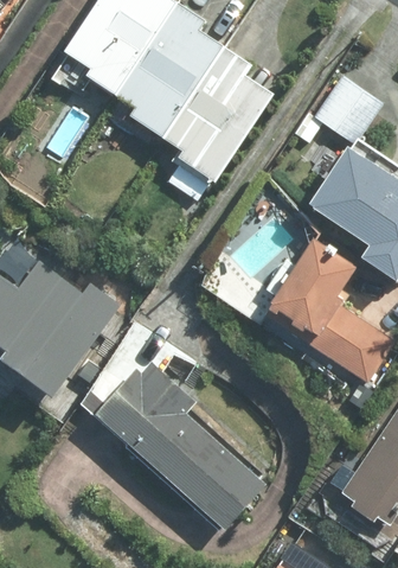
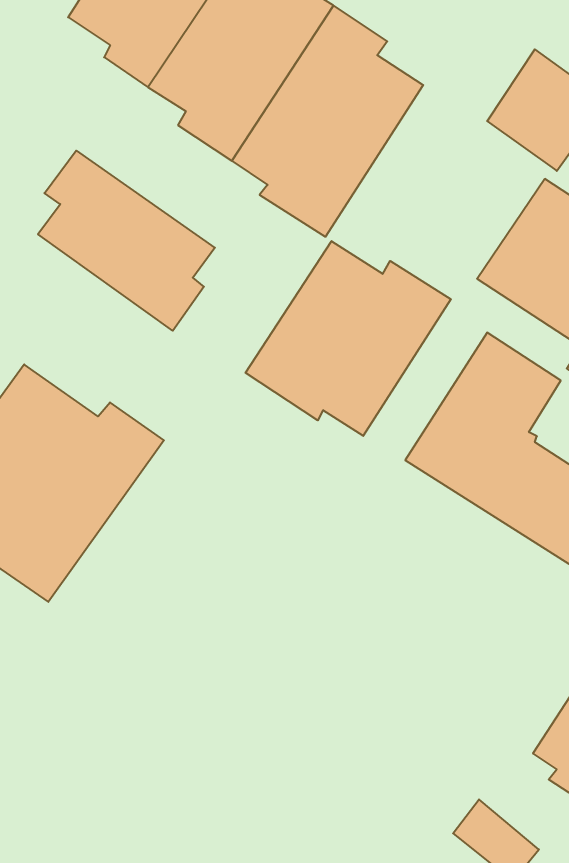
building: none -> [38,151,215,331]
building: none -> [246,241,451,436]
building: [95,360,268,532] -> none

